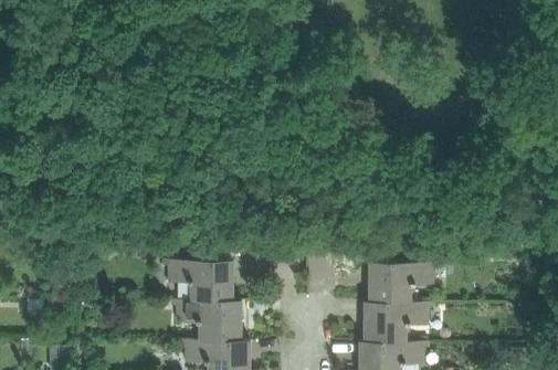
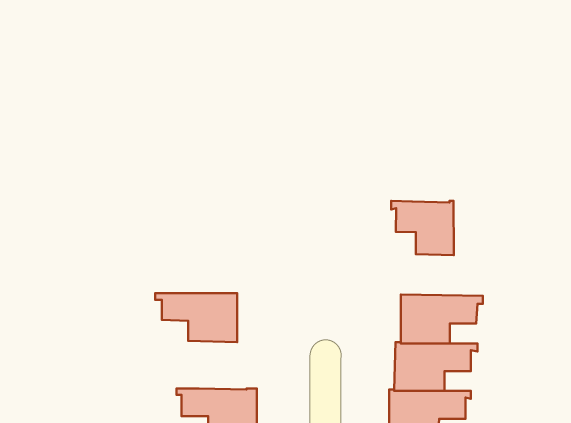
building: none -> [391,201,454,255]
building: [172,300,241,341] -> none

